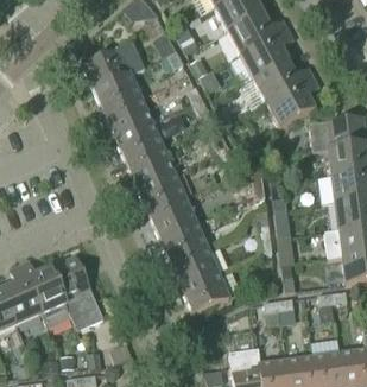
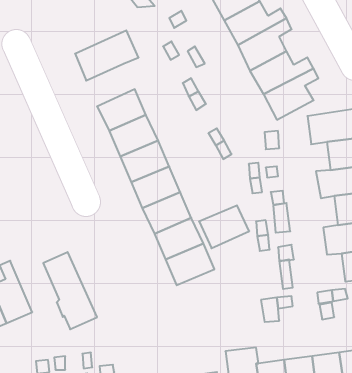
building: [94,71,141,113] -> none
building: [20,259,71,326] -> none
building: [182,271,230,312] -> [199,205,249,248]

